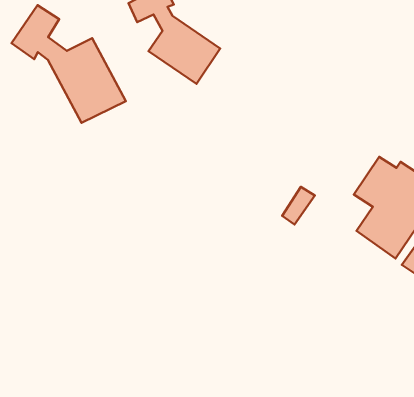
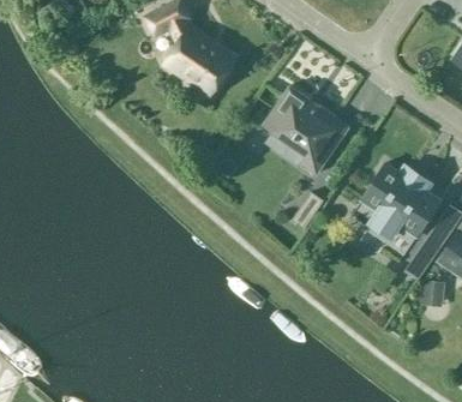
building: [11,5,126,123] -> none
building: none -> [262,85,348,173]

